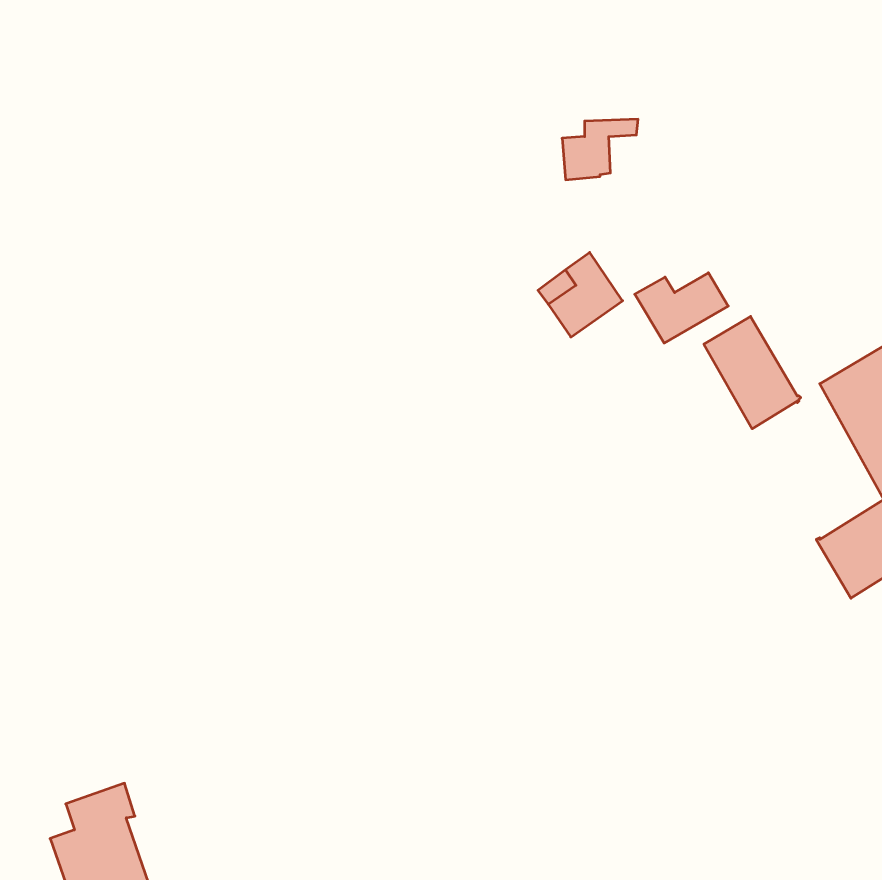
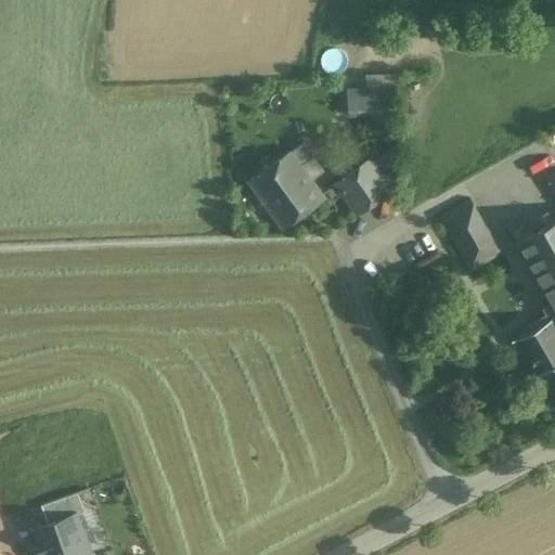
building: none -> [250,143,324,229]
building: [635,273,728,343] -> none

